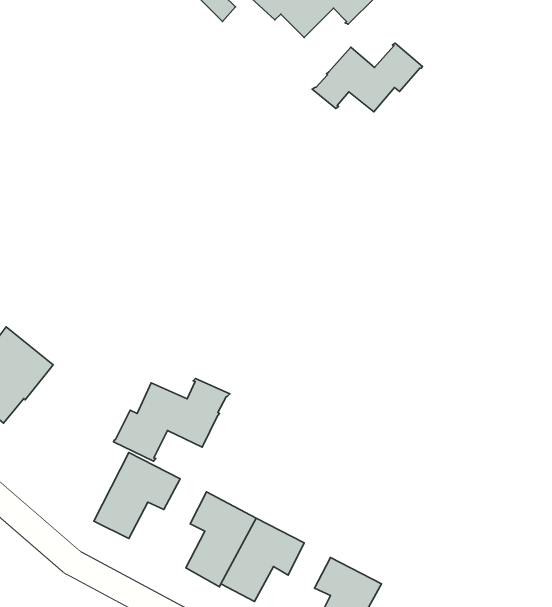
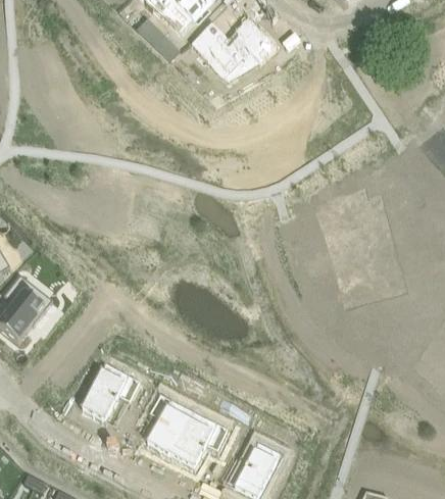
building: [312,43,423,112] -> none
building: [113,378,230,461] -> none

